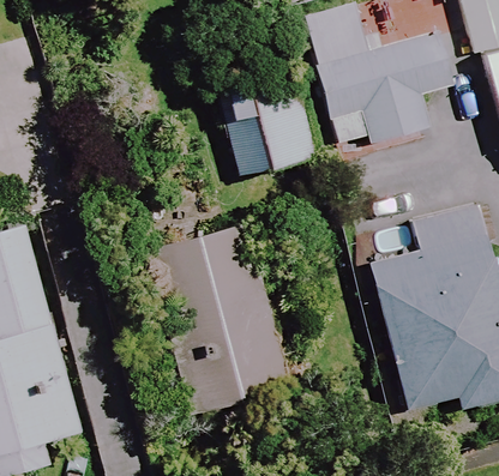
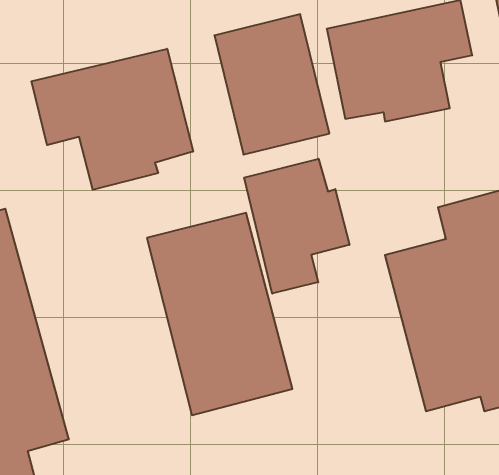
building: none -> [32,49,193,190]
building: none -> [244,159,349,294]

